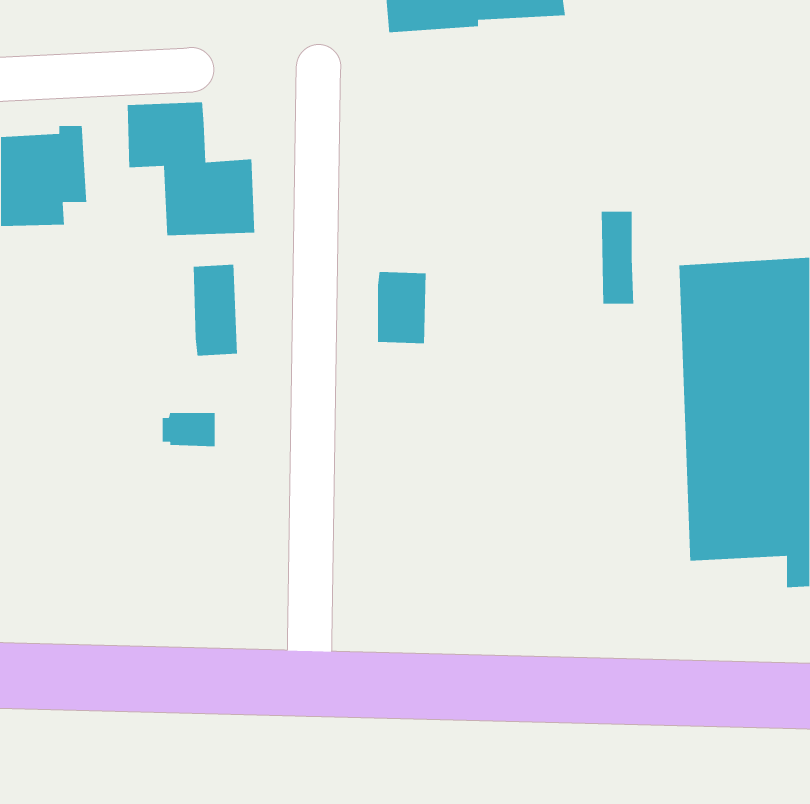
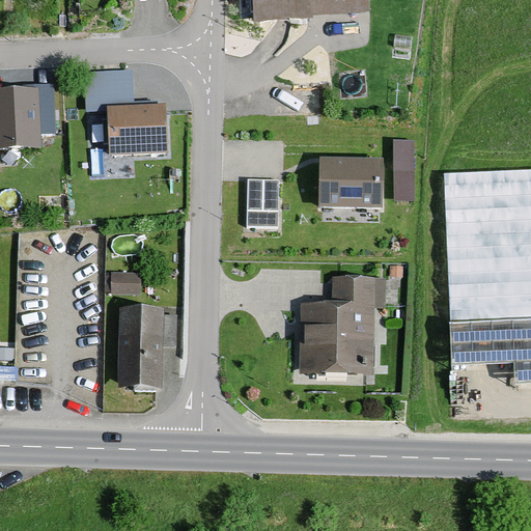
building: none -> [318,157,384,208]
building: [193,264,238,356] -> none
building: none -> [299,275,386,374]
building: none -> [118,307,177,388]

